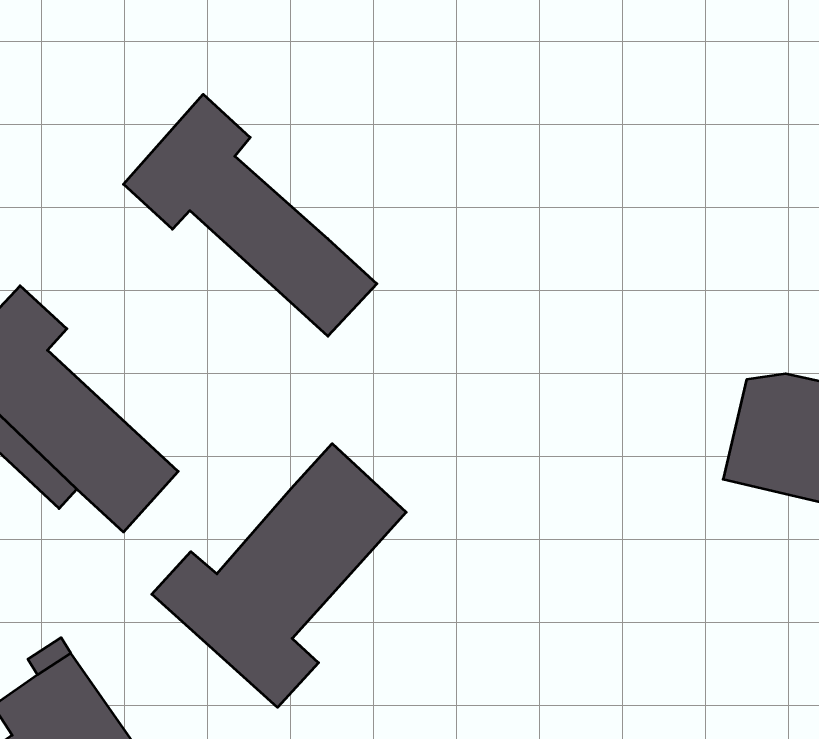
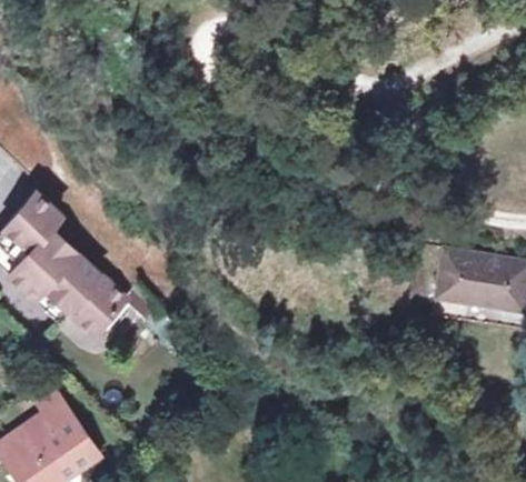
building: [123,94,377,336] -> none
building: [152,444,406,707] -> none

